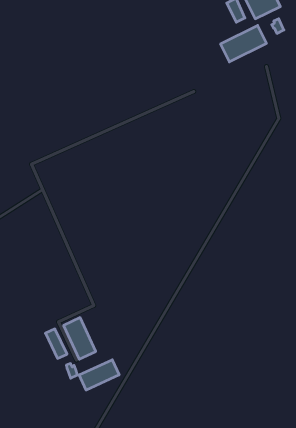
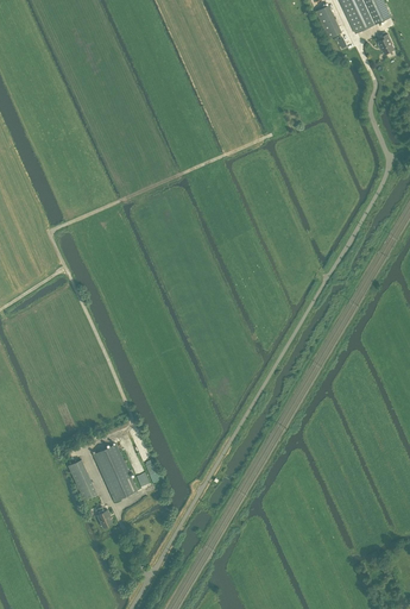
building: [221,25,266,62] -> none
building: [79,360,119,390] -> none

